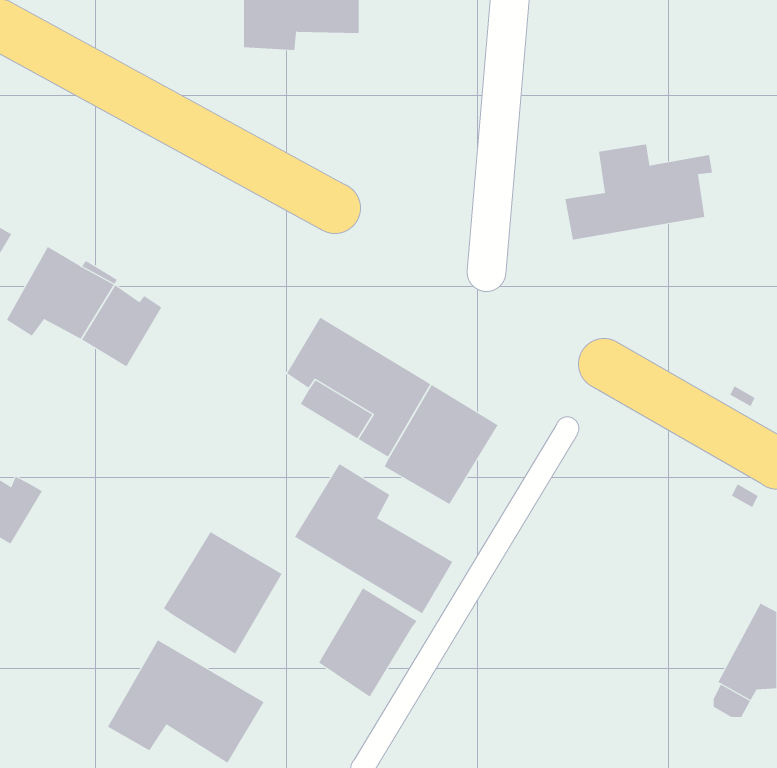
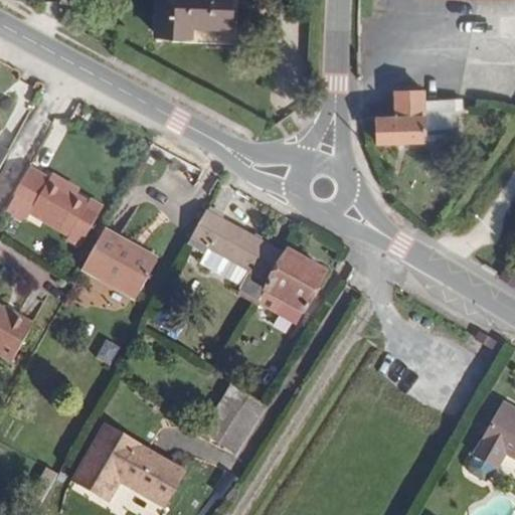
building: none -> [81,228,156,297]
building: [294,463,453,614] -> none
building: [163,531,283,655] -> none

